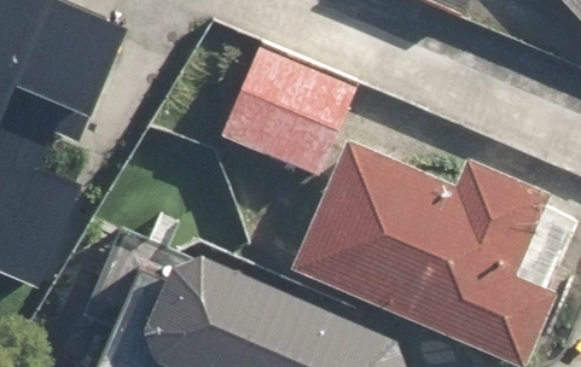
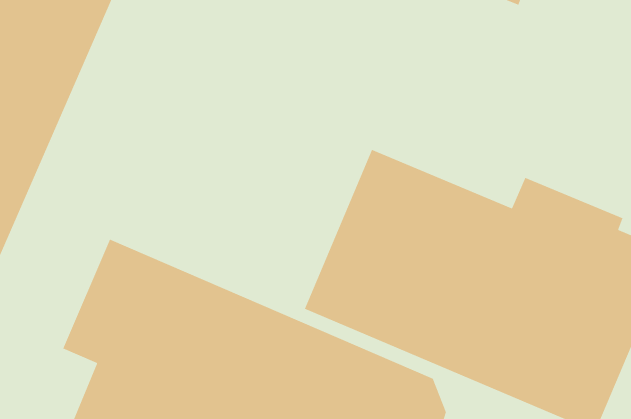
building: [217,43,358,181] -> none

